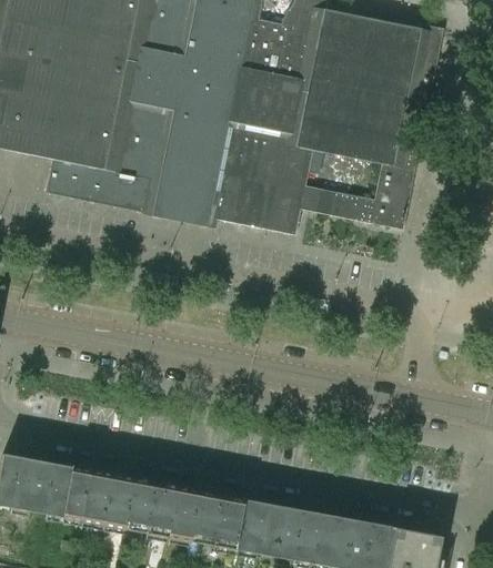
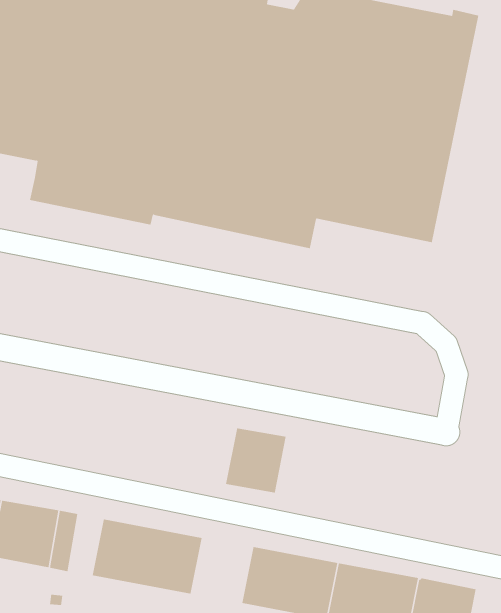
building: [76,468,107,523] -> none
building: [184,489,239,547] -> [225,428,287,493]

